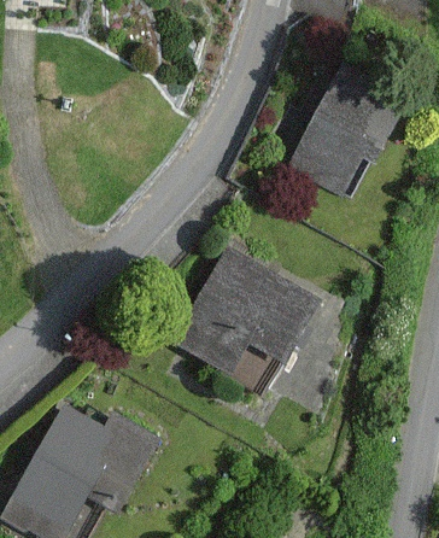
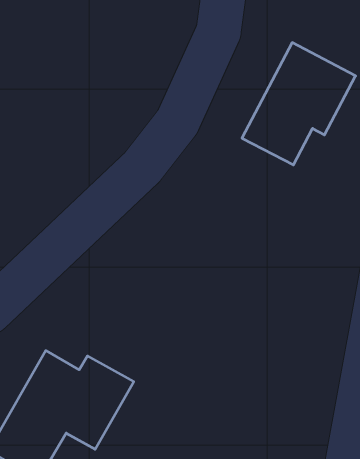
building: [174,247,324,376] -> none

